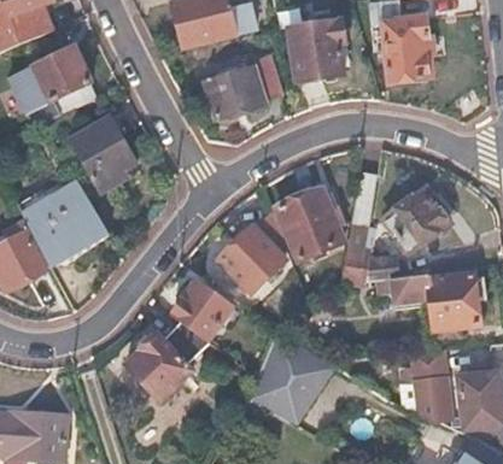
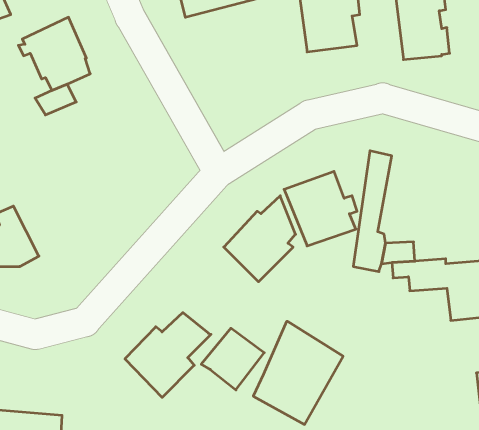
building: [206,55,282,117] -> none
building: [71,118,133,190] -> none
building: [34,180,107,257] -> none
building: [384,193,444,249] -> none
building: [171,284,230,342] -> [201,328,264,390]
building: [410,352,449,422] -> none

